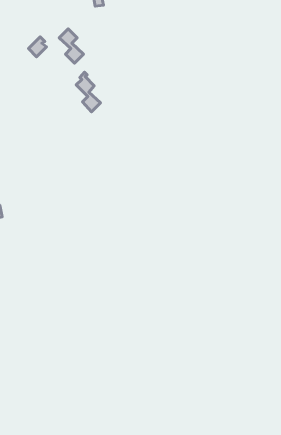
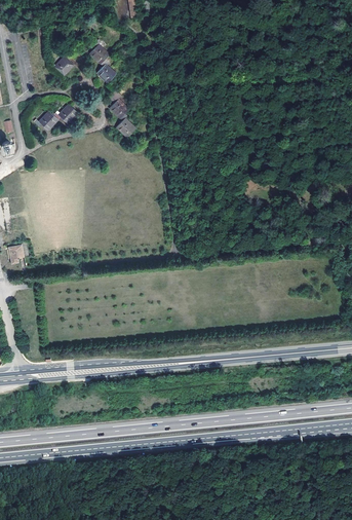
building: none -> [33,104,78,132]

